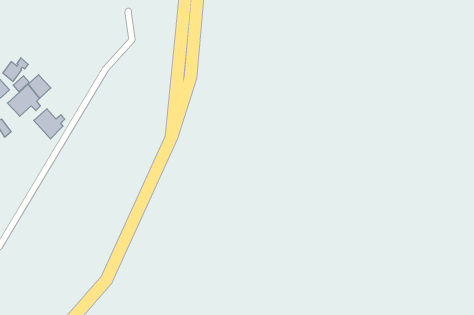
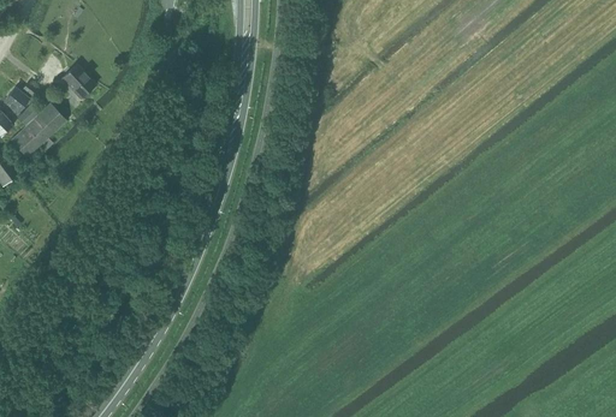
building: none -> [61,65,94,99]
building: [34,109,65,139] -> none

